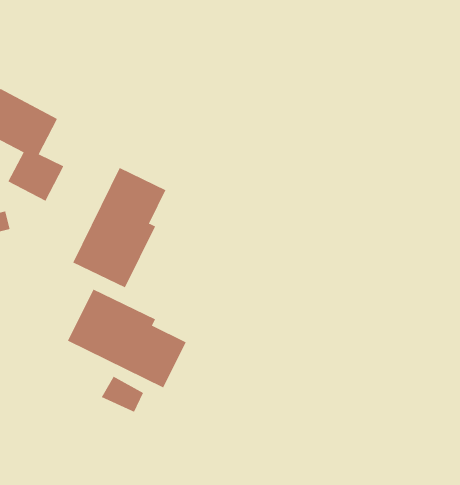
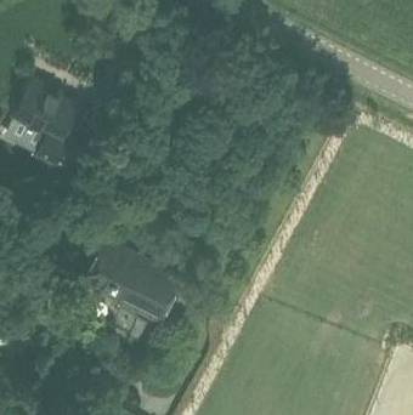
building: [73,167,166,288] -> none

